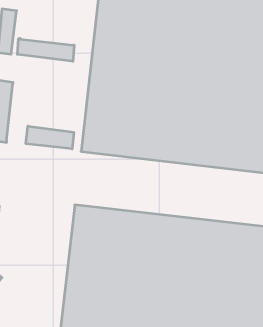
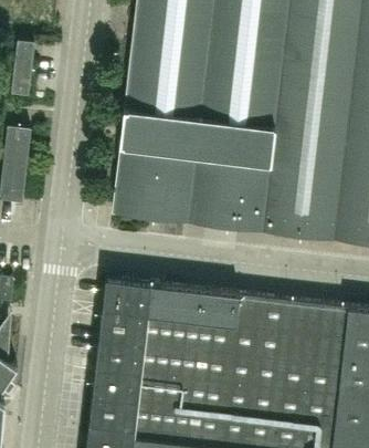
building: [17,38,74,61] -> none
building: [26,126,74,149] -> none

